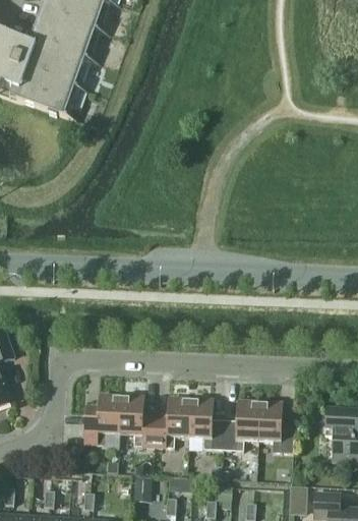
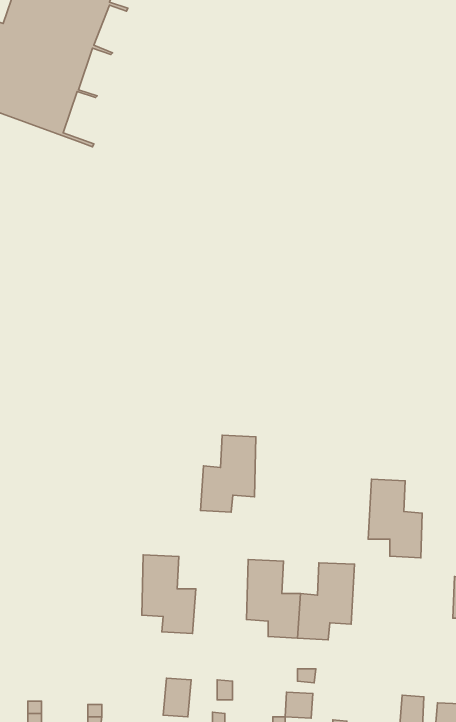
building: [82,392,120,443] -> none
building: [153,395,189,446] -> [200,435,256,512]
building: [257,399,293,451] -> [368,479,422,558]

